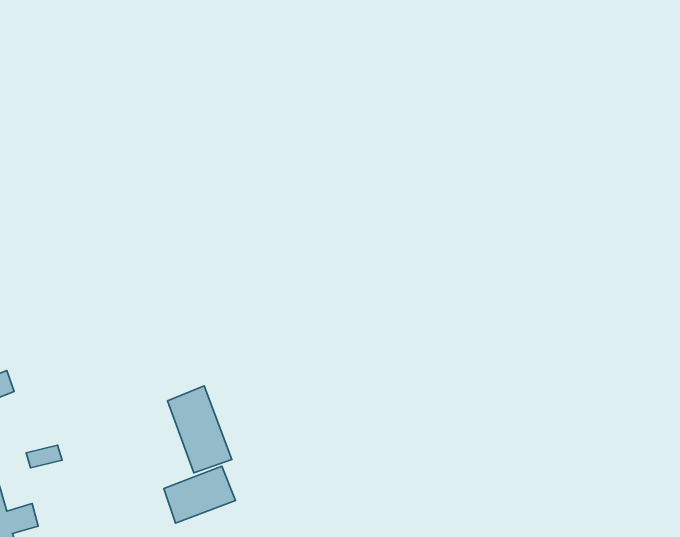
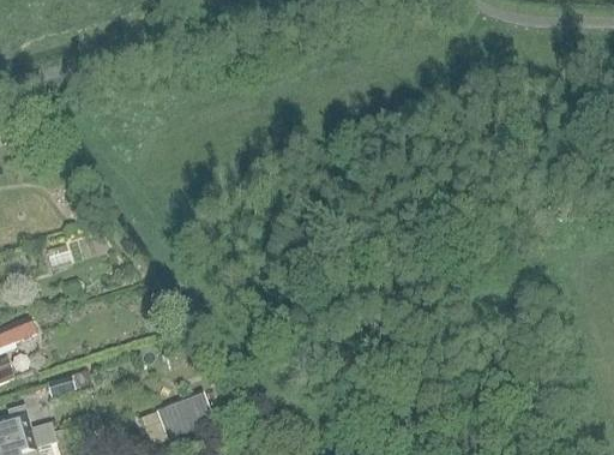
building: [167,386,232,473] -> none

